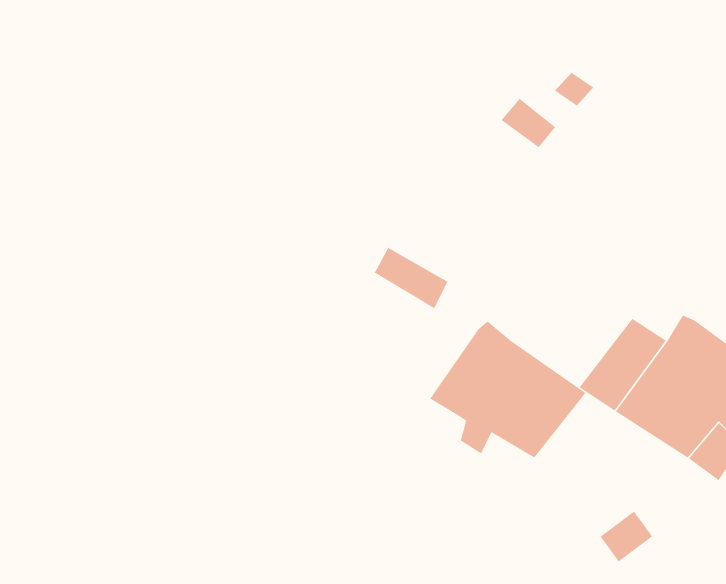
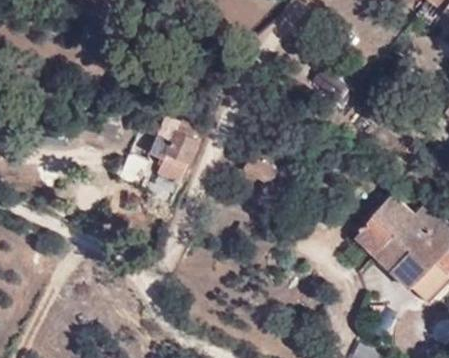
building: none -> [150,127,198,189]
building: [429,320,587,459] -> none

